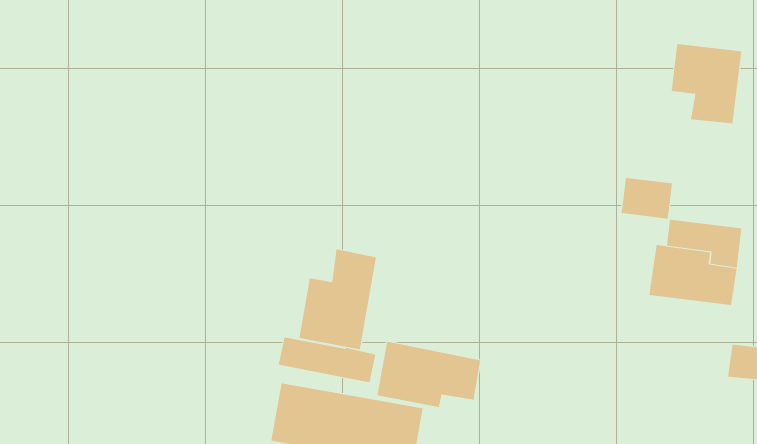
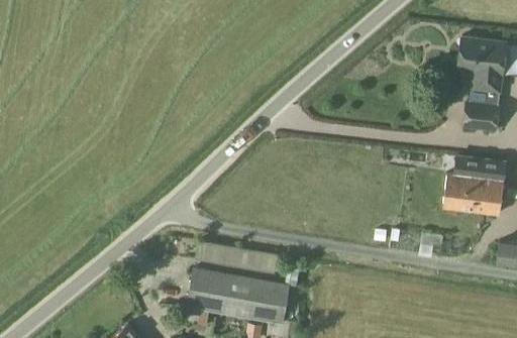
building: [621,177,673,219] -> [463,103,499,131]
building: [299,249,377,350] -> none
building: [377,341,481,408] -> none

